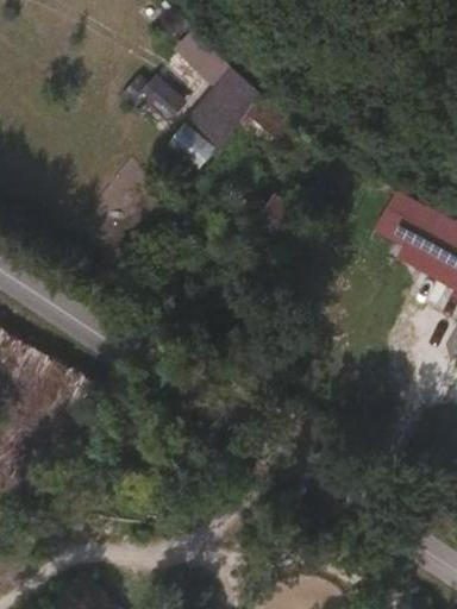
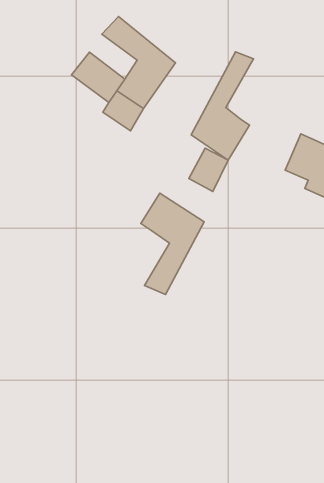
building: none -> [191,52,254,160]
building: none -> [141,193,204,294]

